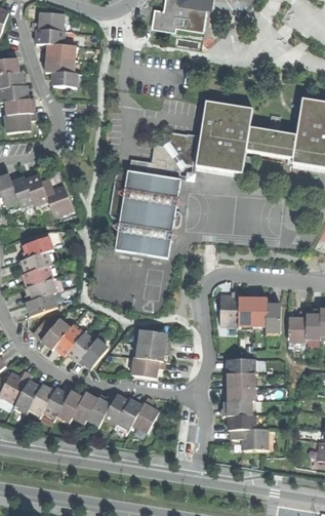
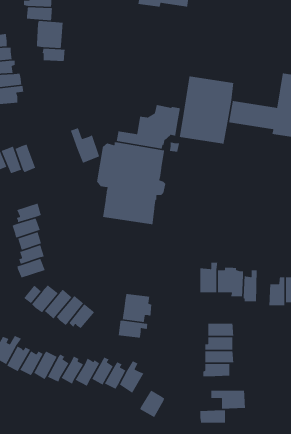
building: [39,175,71,213] -> [70,127,100,164]
building: [225,414,252,429] -> [199,410,226,423]
building: none -> [139,389,165,418]

